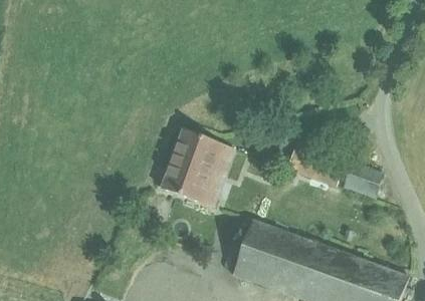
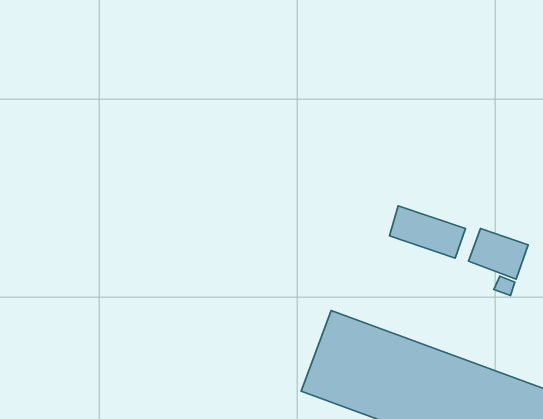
building: [163,130,235,207] -> none

